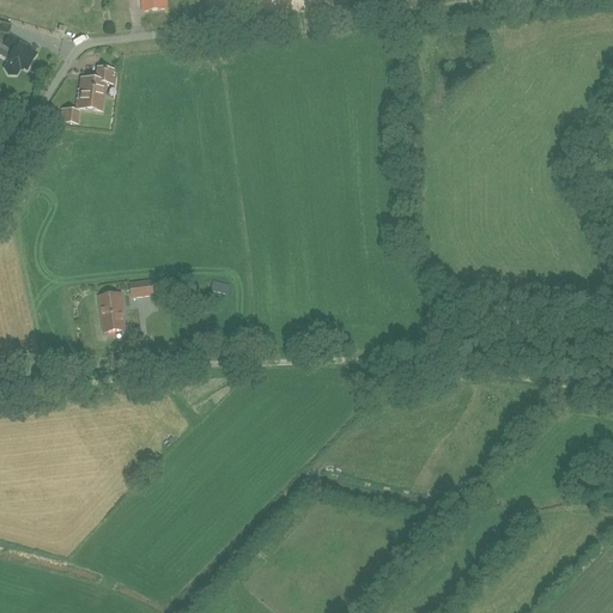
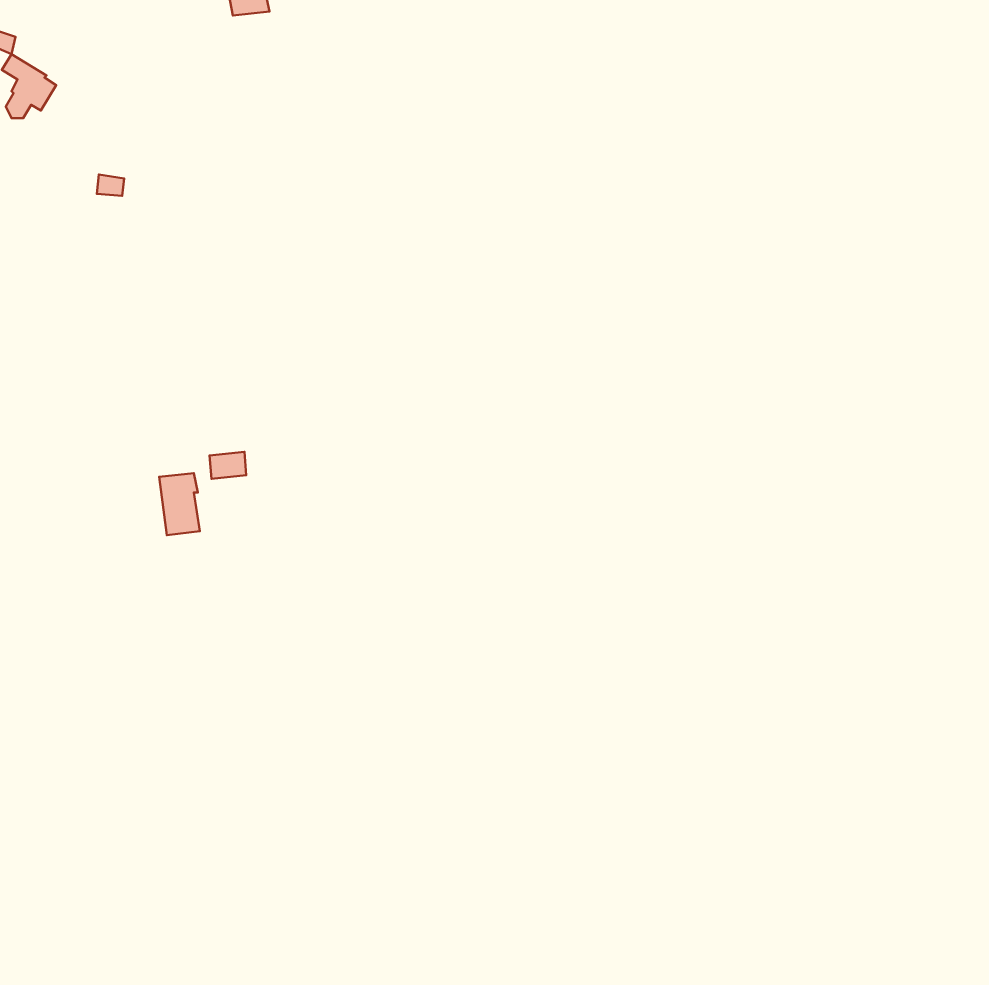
building: [75,66,113,109] -> none

